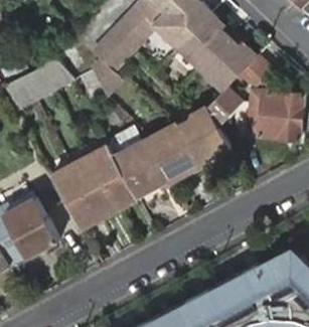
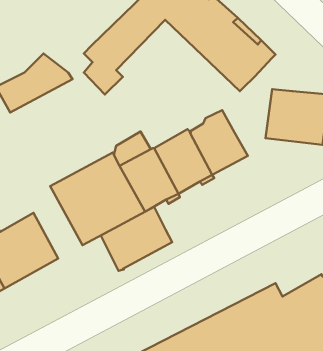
building: [208,59,273,127] -> none
building: none -> [101,207,172,271]

